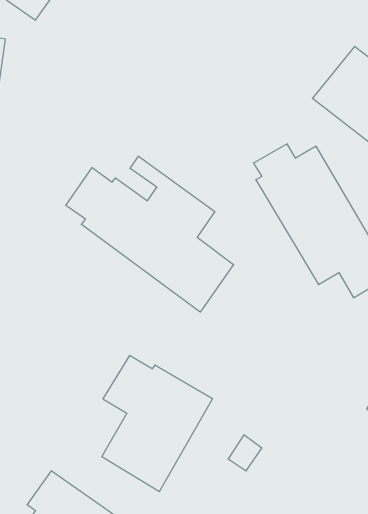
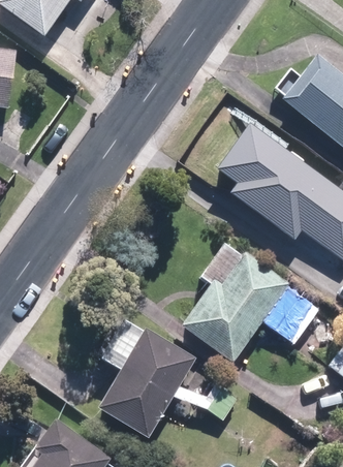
building: [66,156,234,312] -> none
building: none -> [182,242,302,363]

